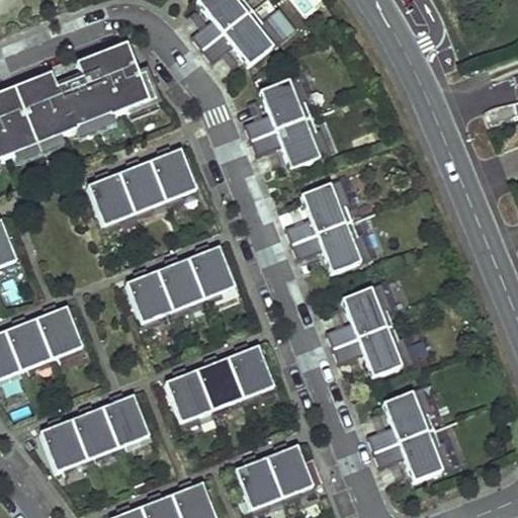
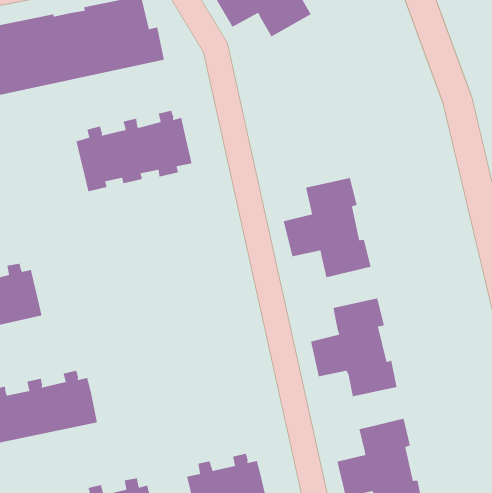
building: [245,74,331,168] -> none
building: [125,242,235,328] -> none
building: [165,341,273,427] -> none

